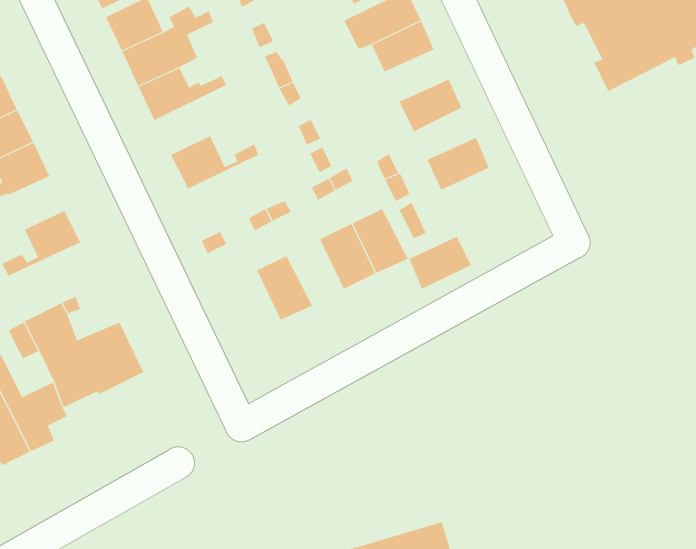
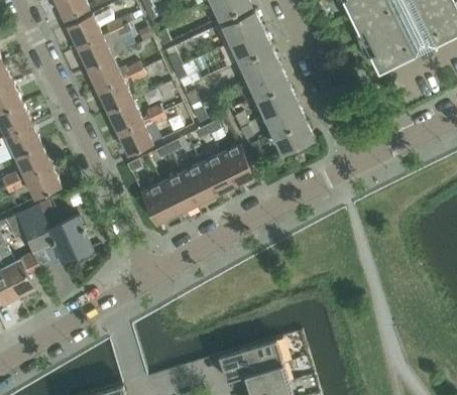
building: none -> [239,47,279,80]
building: none -> [96,70,145,113]
building: none -> [257,84,297,116]
building: none -> [117,113,165,156]
building: none -> [5,126,40,159]
building: [409,236,472,290] -> [274,121,314,154]
building: none -> [179,165,214,207]
building: none -> [5,167,61,200]
building: none -> [139,184,175,226]

